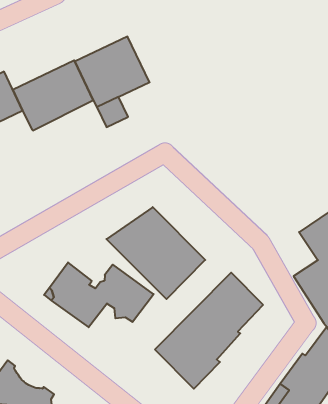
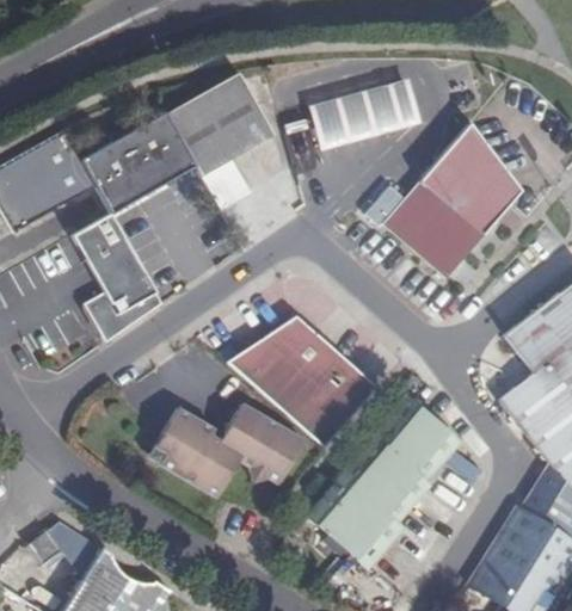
building: none -> [309,80,422,152]
building: none -> [382,123,522,278]
building: none -> [72,214,162,342]

